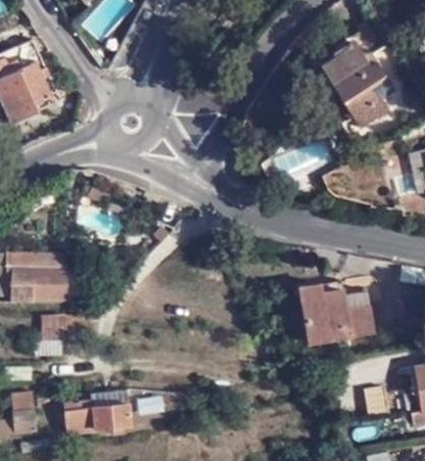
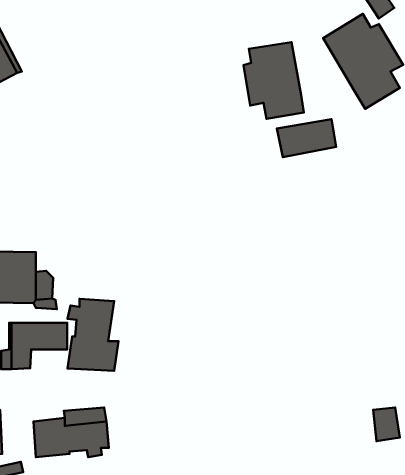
building: none -> [243,42,304,119]
building: [301,280,377,343] -> none
building: none -> [68,299,119,371]

